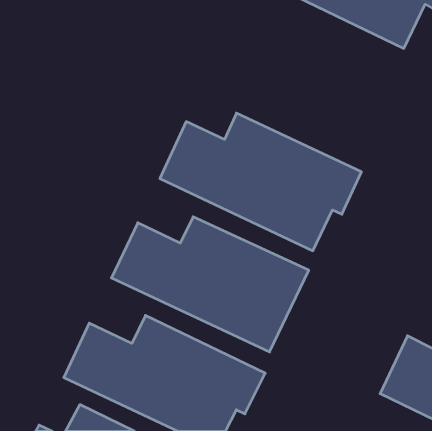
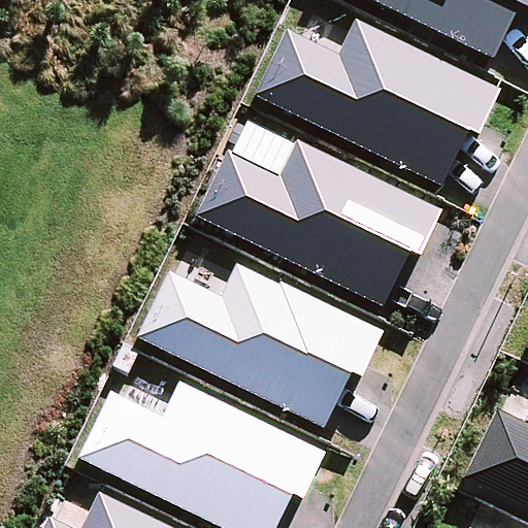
building: none -> [257,19,495,187]

